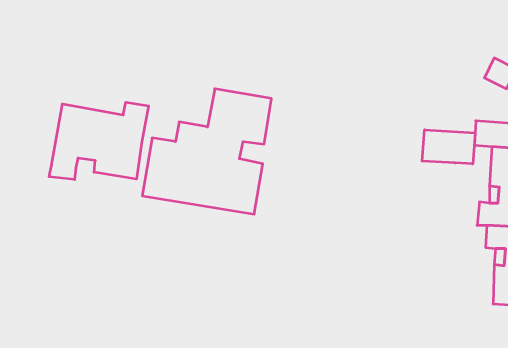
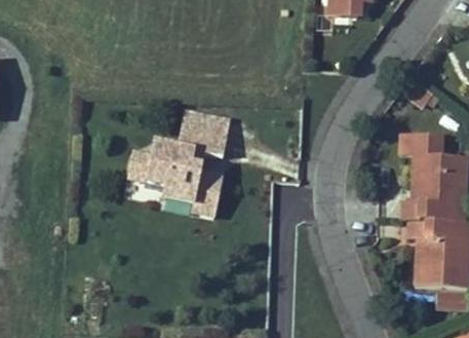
building: [49,102,149,180] -> none
building: [422,130,475,164] -> none

